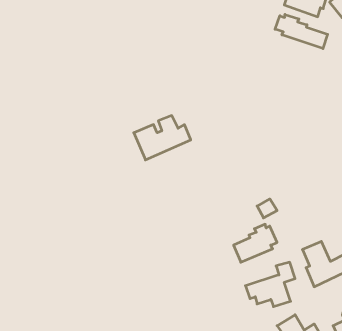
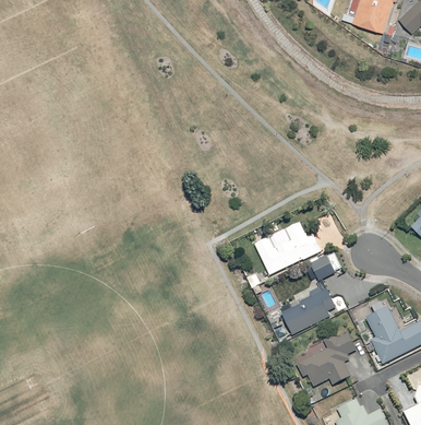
building: [275,14,328,49] -> none
building: [134,116,191,160] -> [254,220,323,273]

